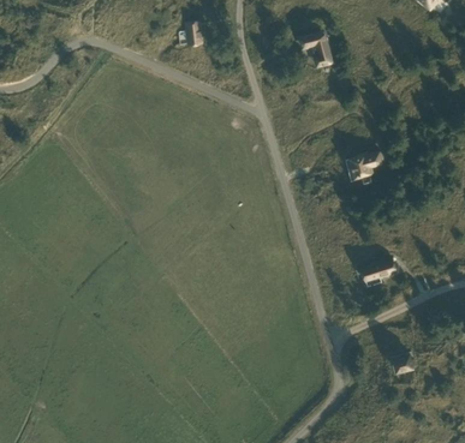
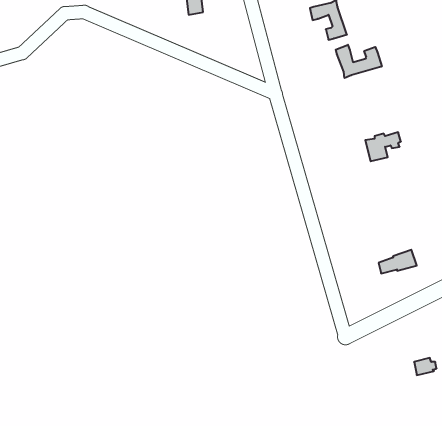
building: none -> [336,45,382,78]

